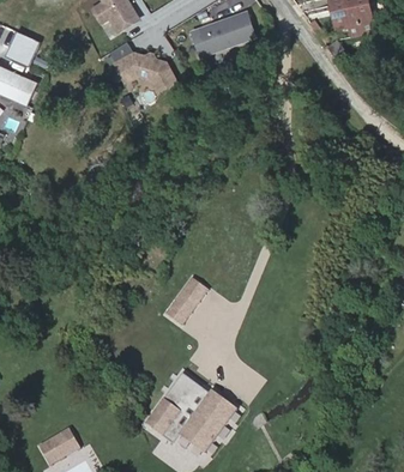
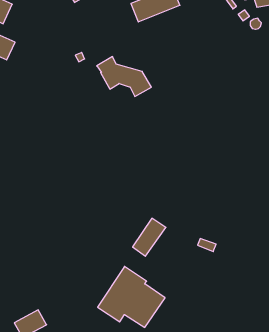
building: [108,43,179,95] -> [97,57,151,96]
building: [165,273,209,322] -> [133,218,166,256]

